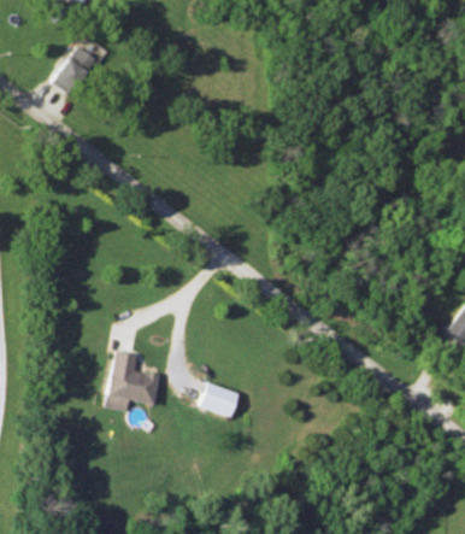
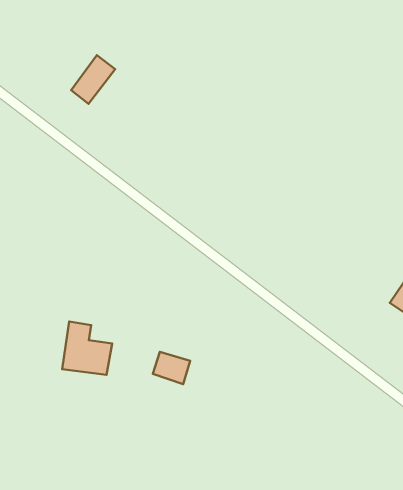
building: [51,46,96,96] -> [71,55,115,104]

